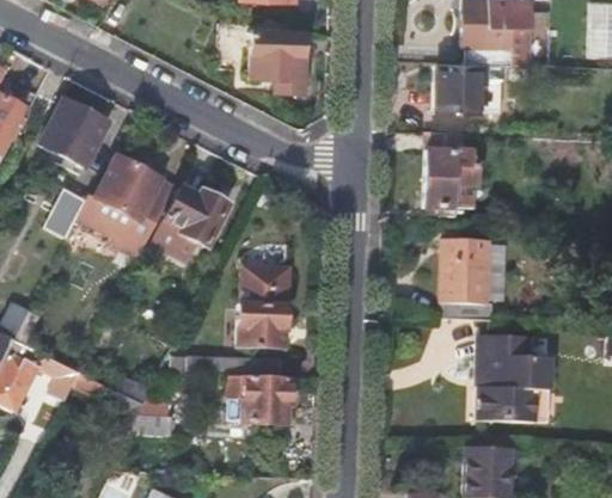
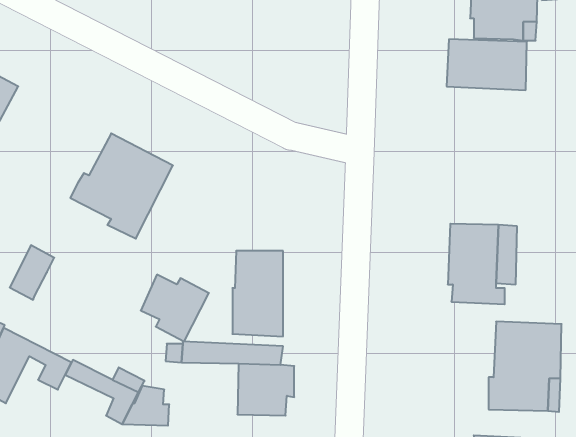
building: [244,31,301,96] -> none
building: [38,99,109,170] -> none
building: [427,130,478,207] -> none
building: [163,186,228,251] -> [141,275,209,341]
building: [42,190,85,242] -> [10,245,54,300]

